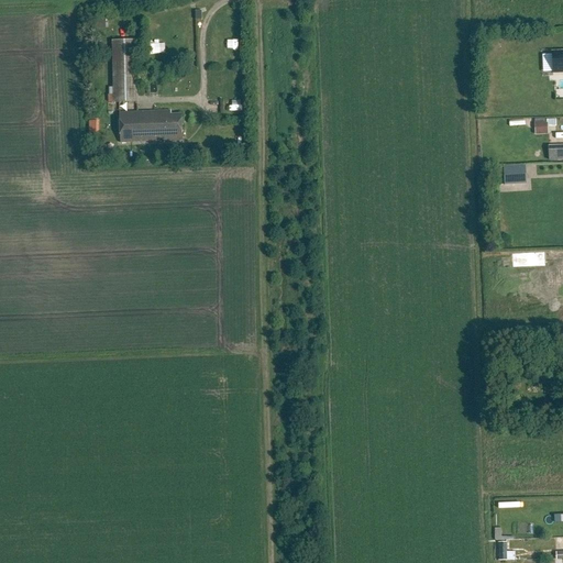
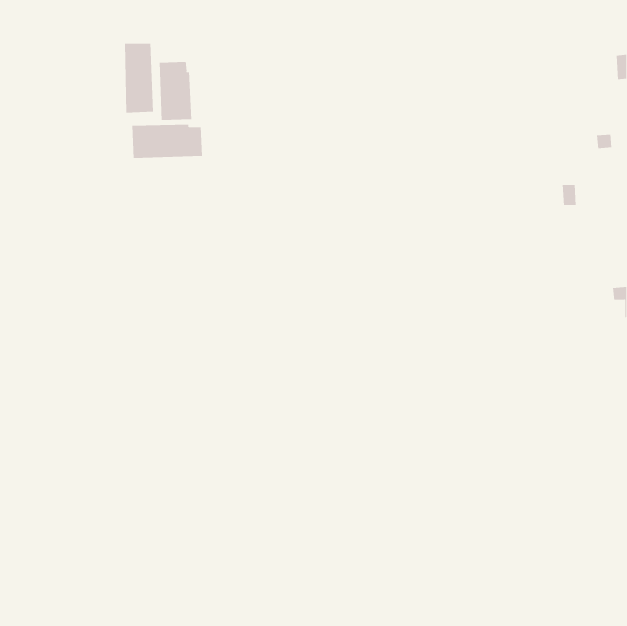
building: none -> [159,61,192,121]

